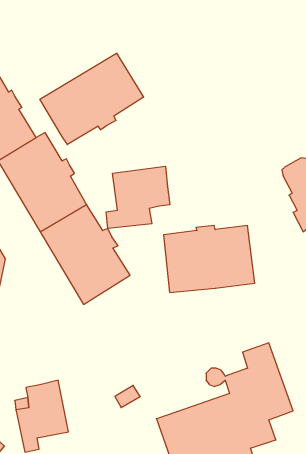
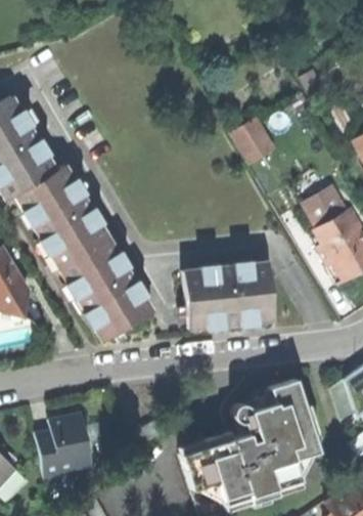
building: [40,53,144,145] -> none
building: none -> [232,120,277,166]
building: [106,166,170,229] -> none

